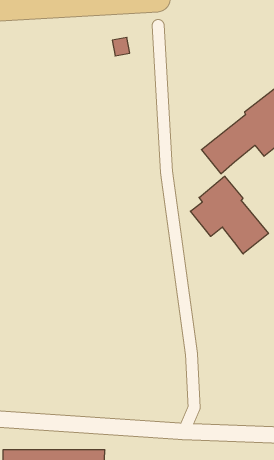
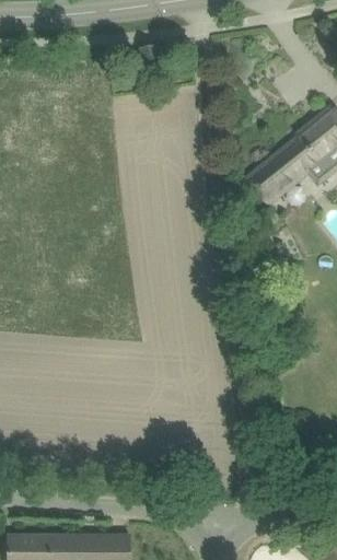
building: [190,176,268,254] -> none

